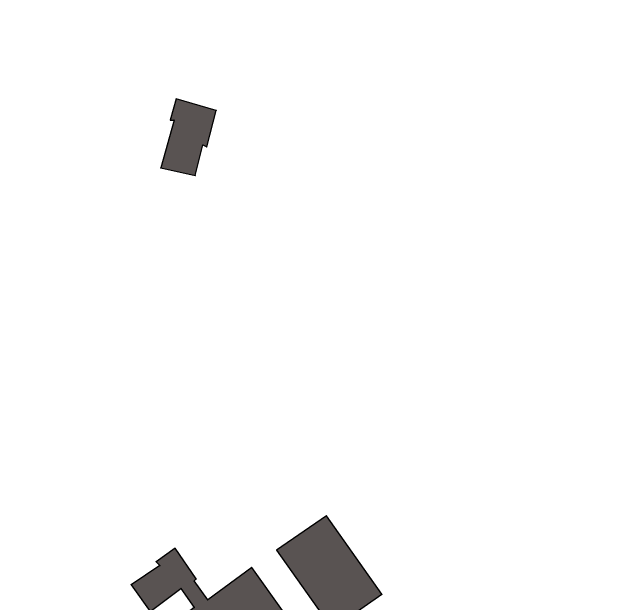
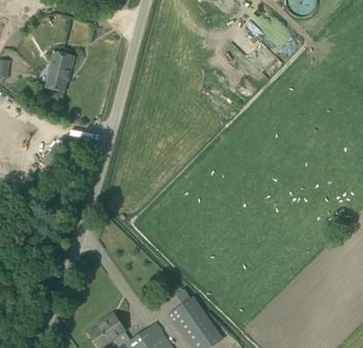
building: [161,99,216,176] -> [44,50,74,91]

